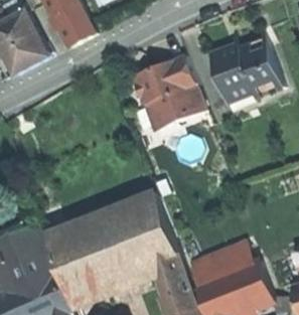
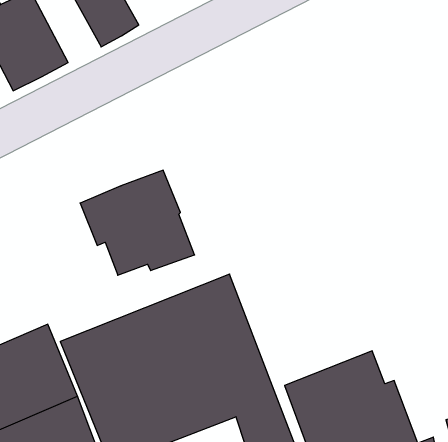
building: [210,26,283,101] -> none
building: [130,54,203,122] -> [80,170,195,275]

